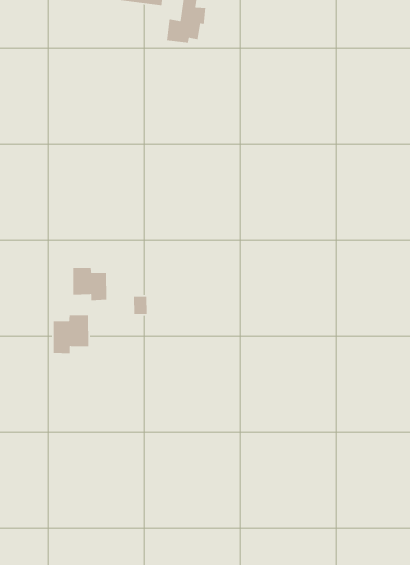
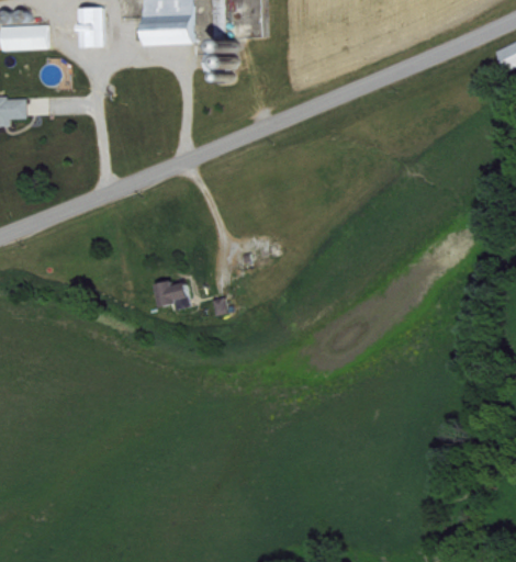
building: [53,315,89,354] -> none

